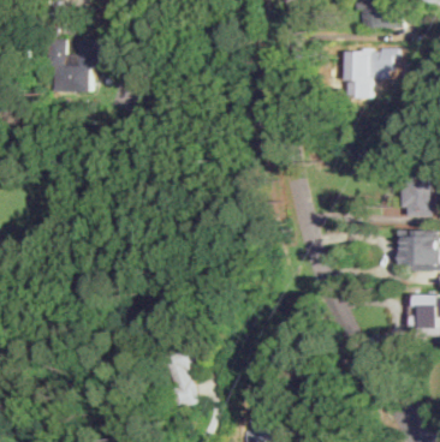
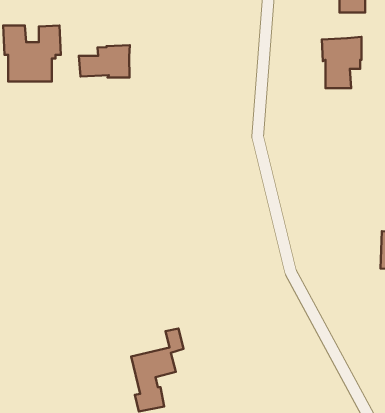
building: none -> [79,45,130,77]

